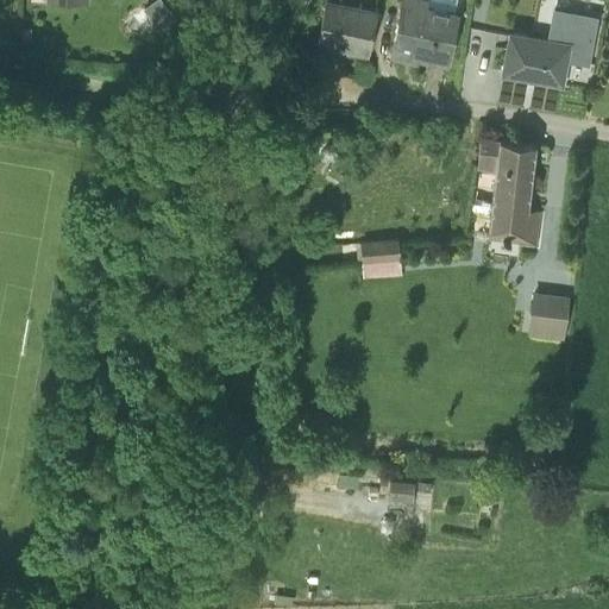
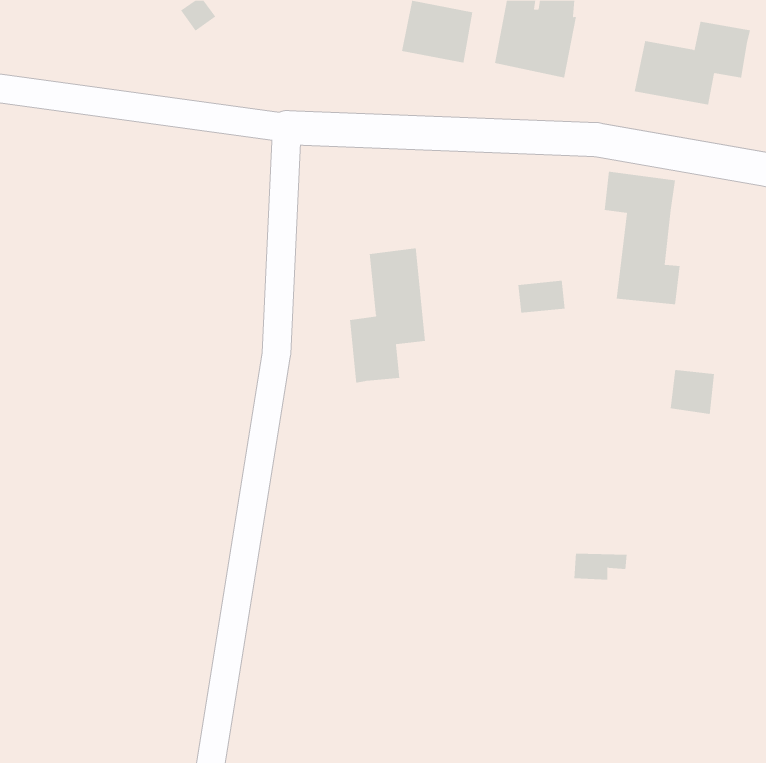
building: none -> [349,247,426,383]
building: [363,240,401,266] -> [517,280,565,313]
building: [393,482,435,503] -> [574,553,628,580]

